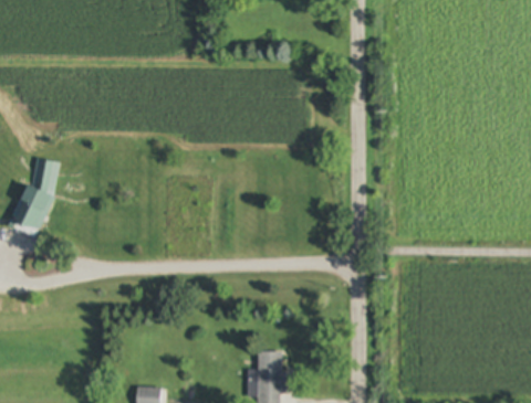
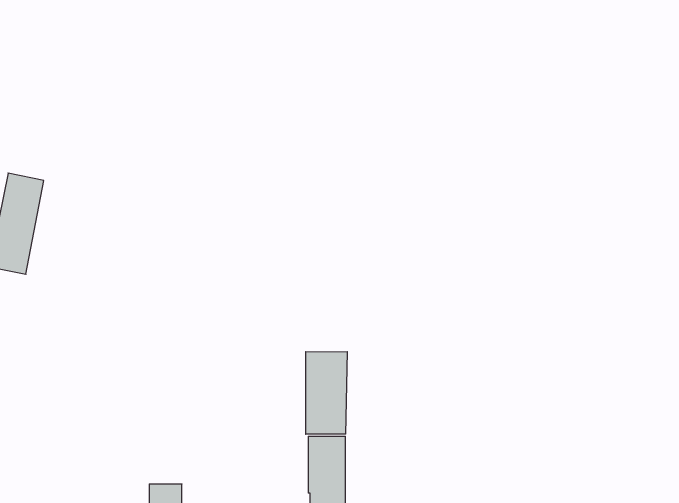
building: none -> [306,352,347,434]

